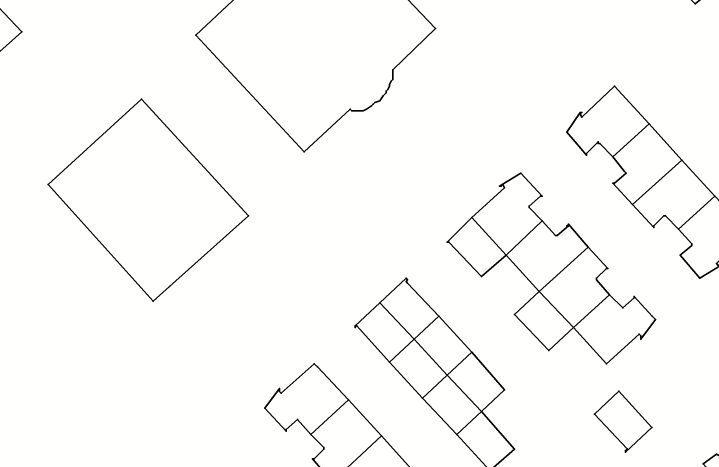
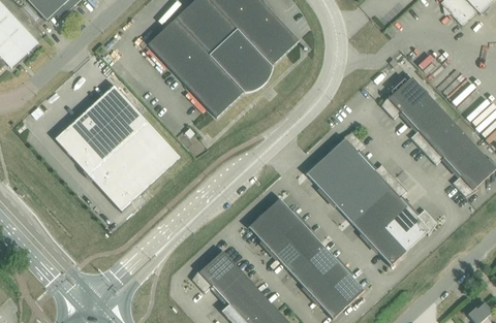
building: none -> [328,183,364,220]
building: none -> [328,267,365,304]
building: [594,391,652,452] -> [370,228,406,266]

